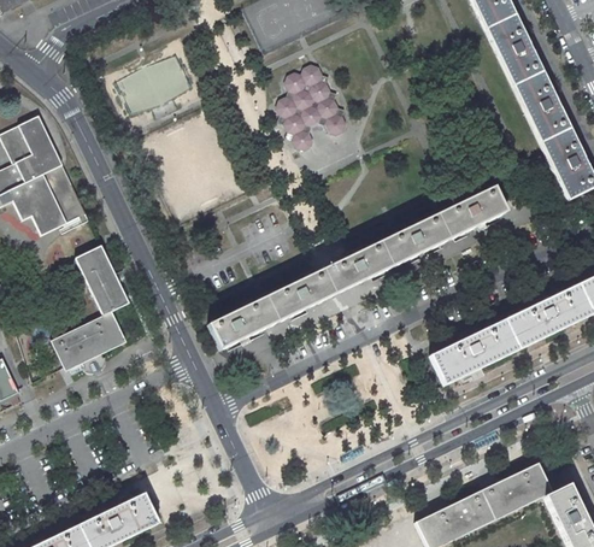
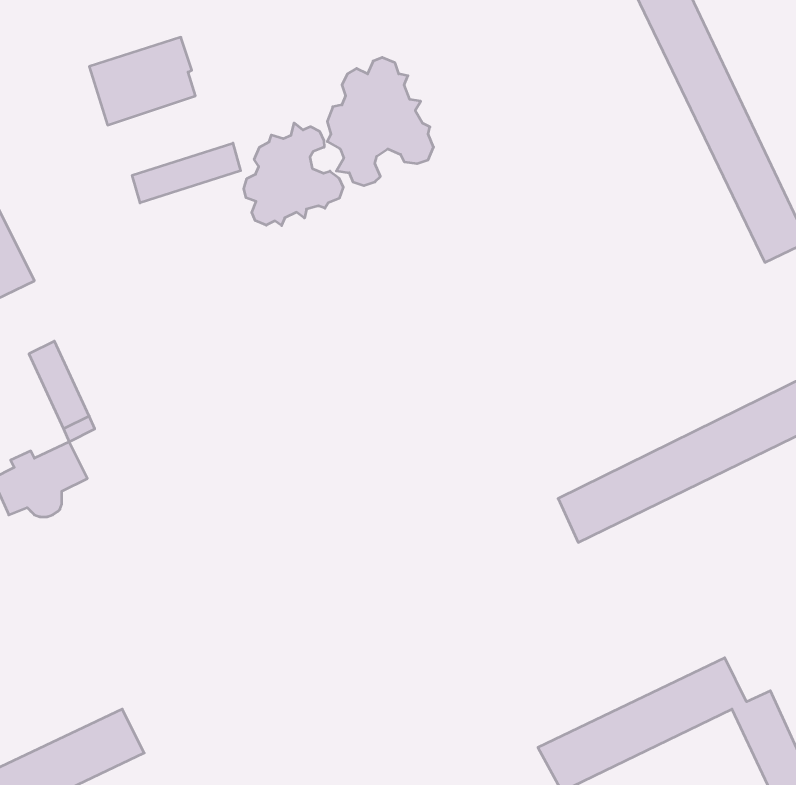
building: none -> [244,123,343,226]
building: none -> [132,143,241,203]
building: [207,187,505,348] -> none

